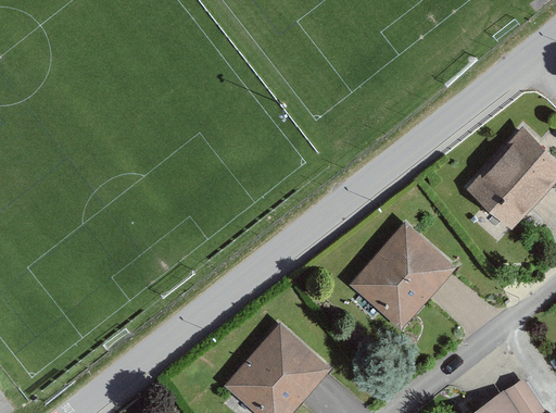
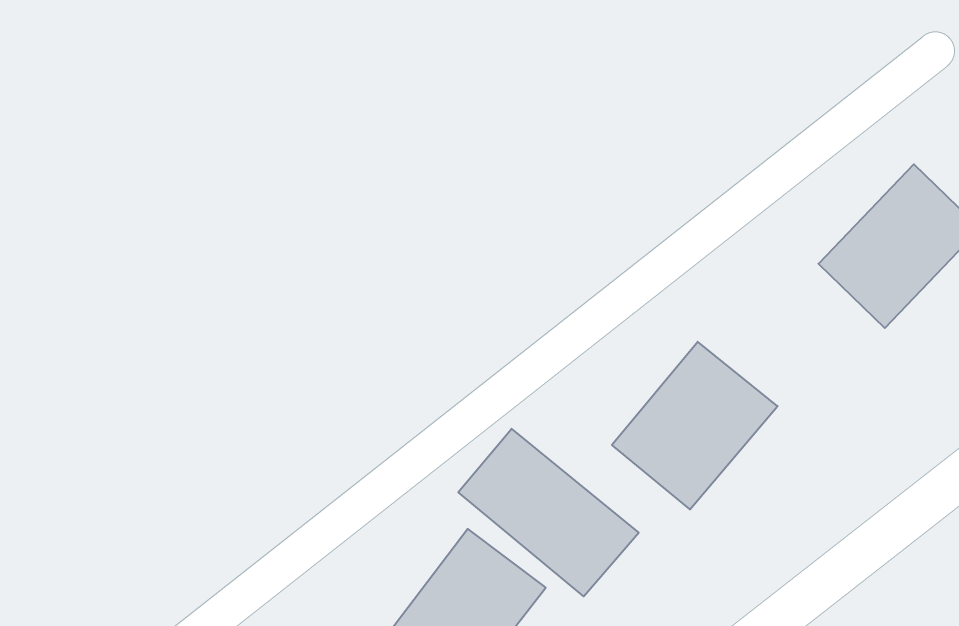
building: none -> [458,429,639,596]

